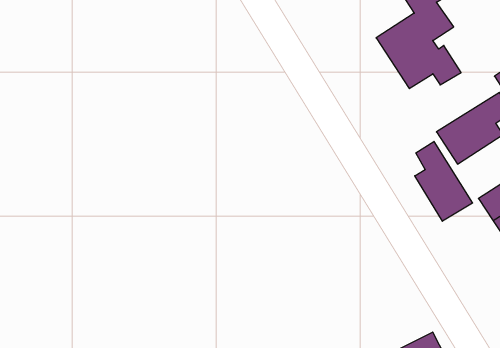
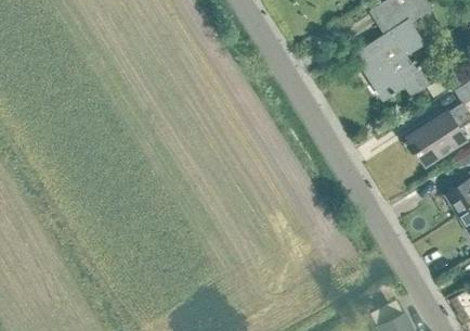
building: [415,141,473,221] -> none

